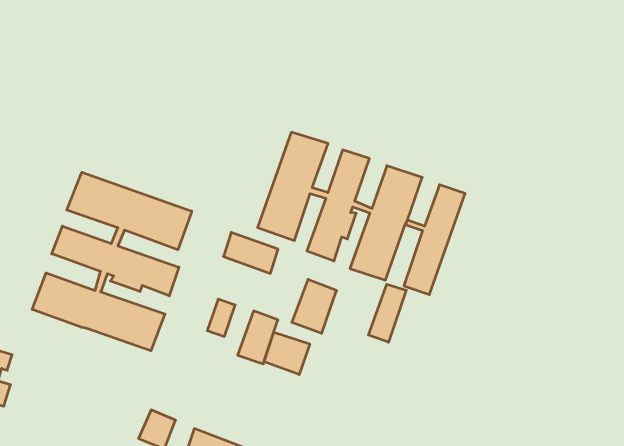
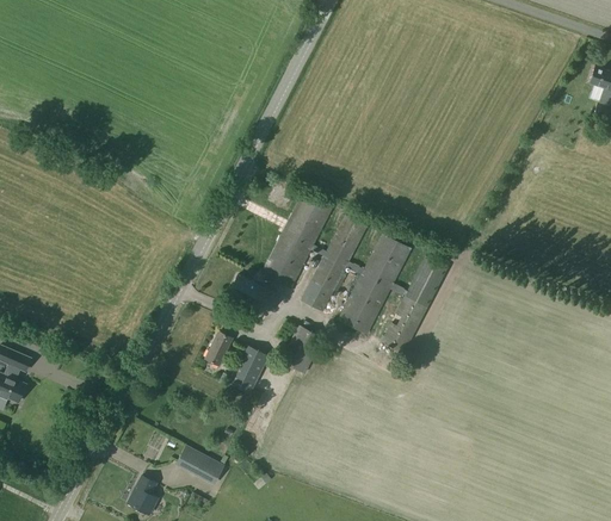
building: [32,172,192,351] -> none
building: [368,284,406,342] -> none
building: [264,332,310,375] -> none

